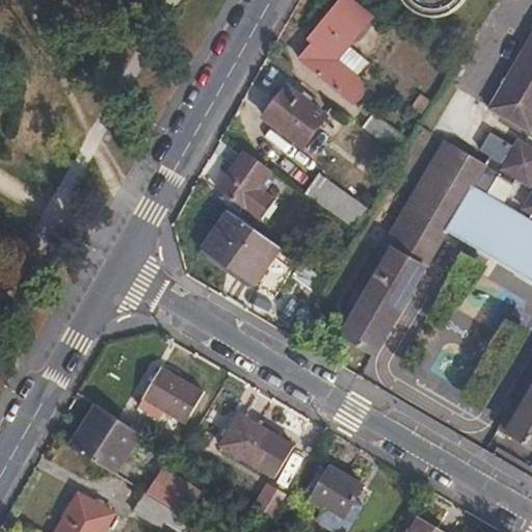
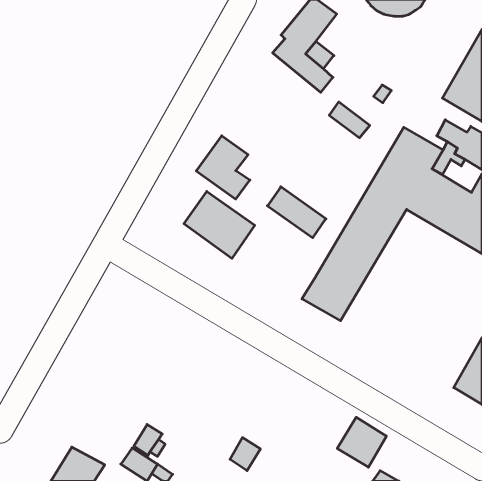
building: [262,83,328,149] -> none
building: [304,172,369,229] -> [267,187,326,238]
building: [143,368,204,423] -> none
building: [70,404,141,475] -> none
building: [218,411,295,478] -> none
building: [310,464,364,520] -> [337,417,386,467]

